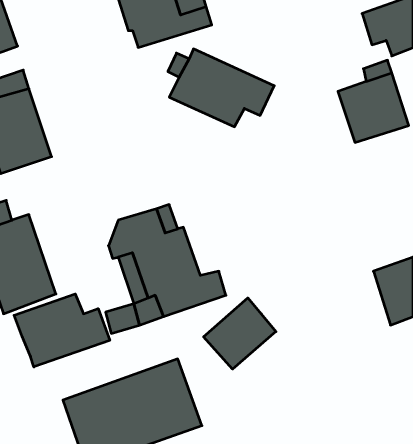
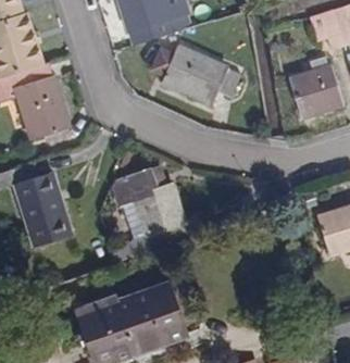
building: [14,294,110,367] -> none
building: [204,298,276,369] -> none

